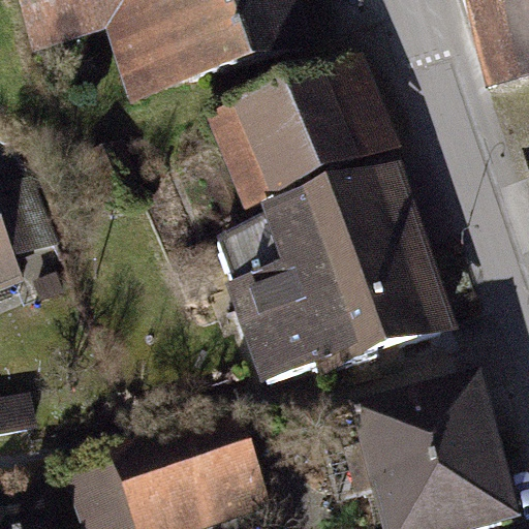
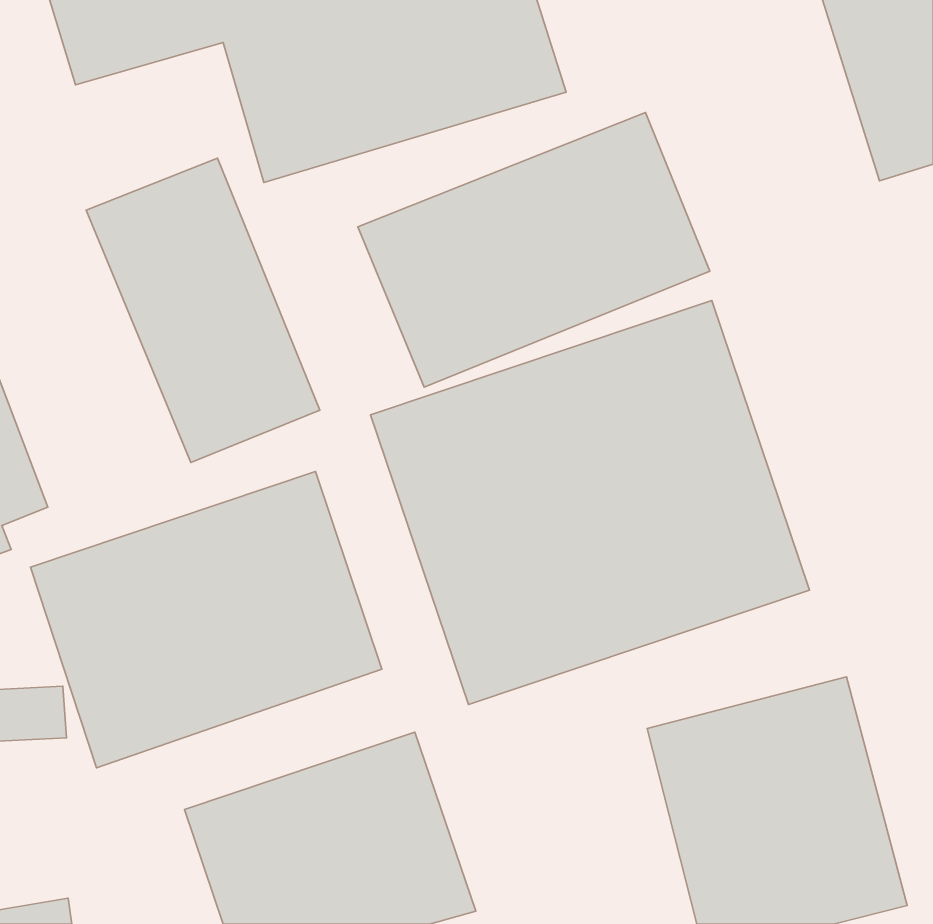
building: none -> [86,158,320,462]
building: none -> [30,472,382,768]

